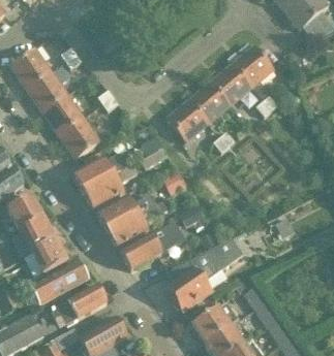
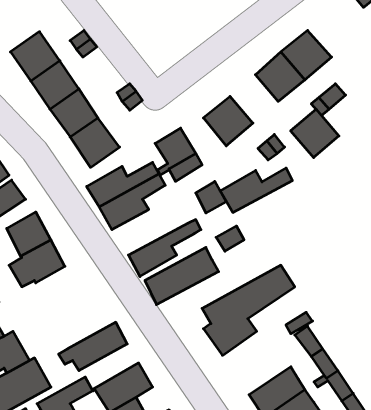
building: [190,83,230,122] -> [291,109,339,158]
building: [97,193,156,229] -> [220,168,292,212]
building: [32,238,68,273] -> none
building: [34,261,88,302] -> none
building: [192,300,240,343] -> none

